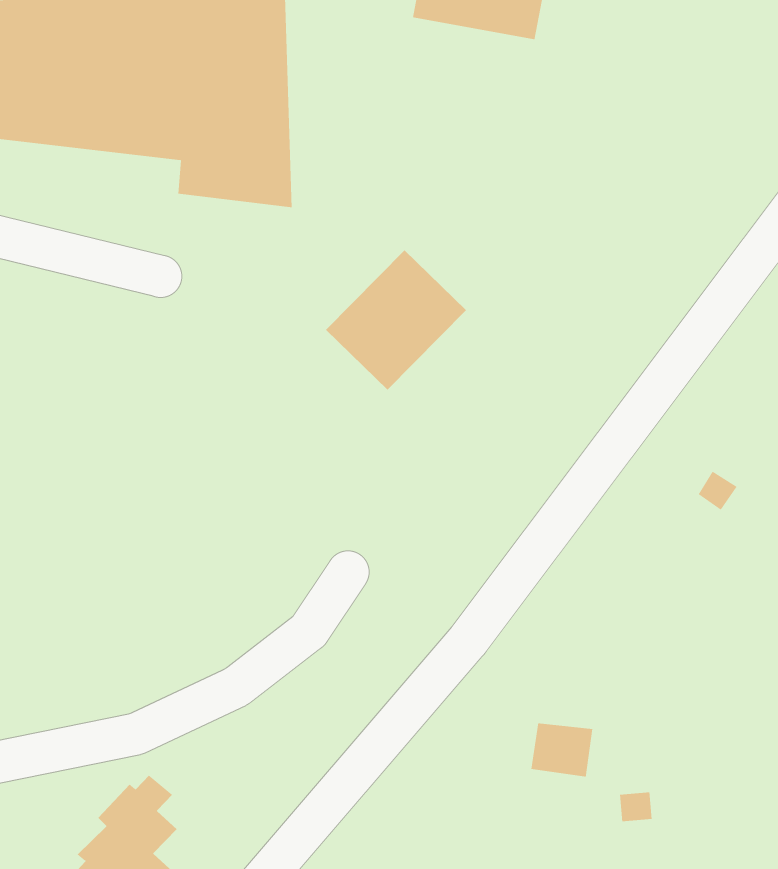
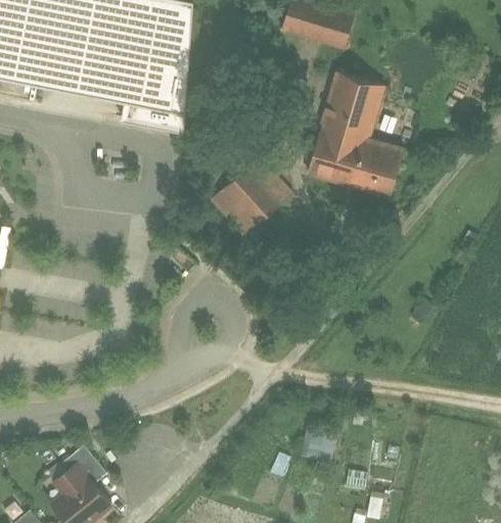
building: none -> [301,68,400,198]

